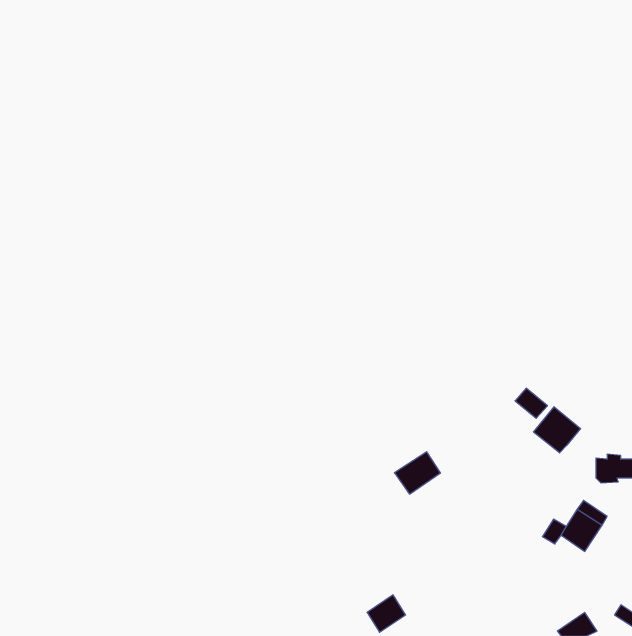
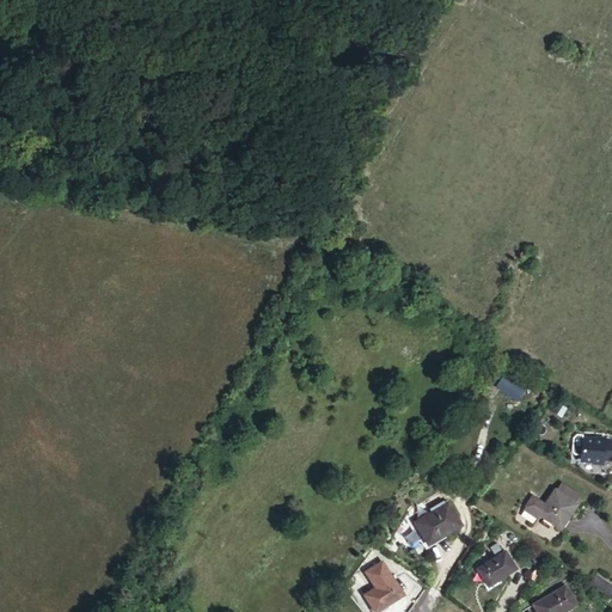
building: [534,407,581,453] -> none
building: [394,452,440,494] -> [409,500,453,540]
building: none -> [477,552,518,589]

